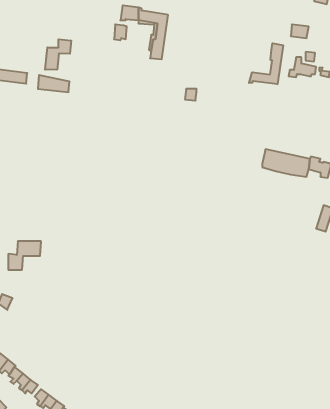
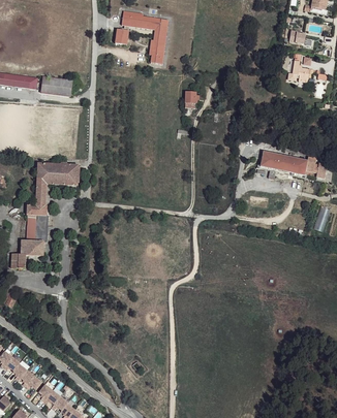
building: [45,39,71,70] -> none
building: [249,43,283,84] -> none
building: none -> [27,163,78,238]

